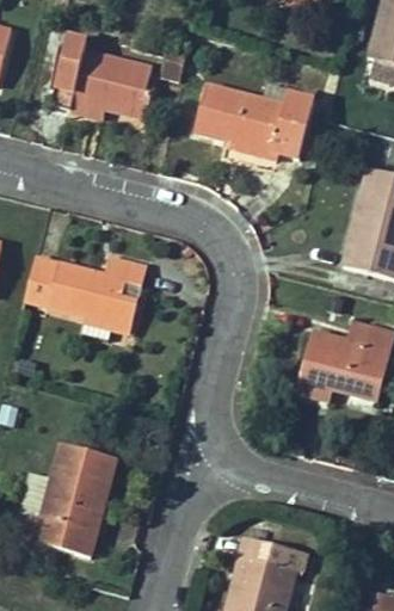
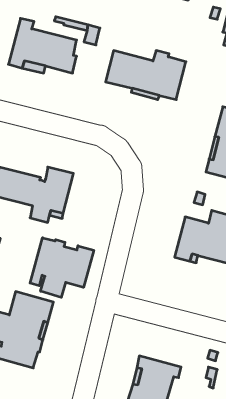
building: none -> [30,238,94,297]

